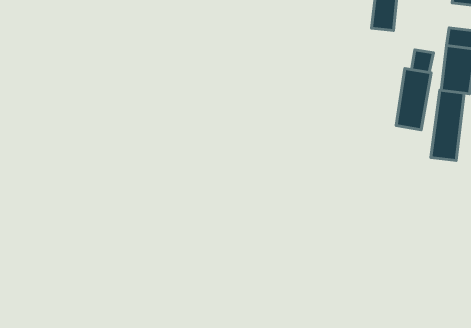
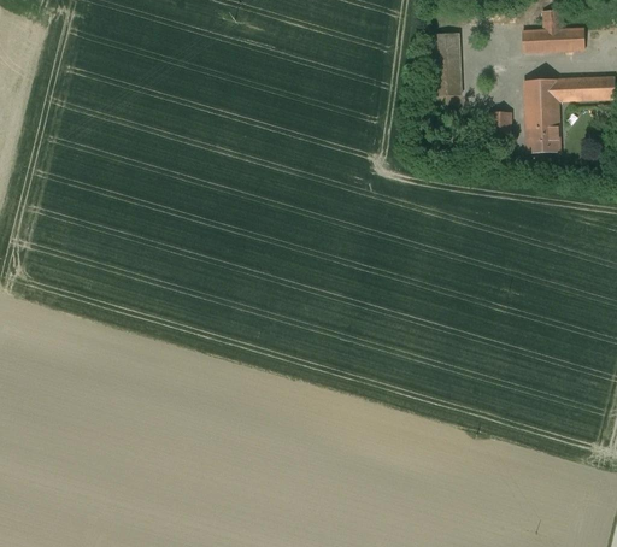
building: [396,69,431,130] -> none
building: [431,90,464,161] -> none

